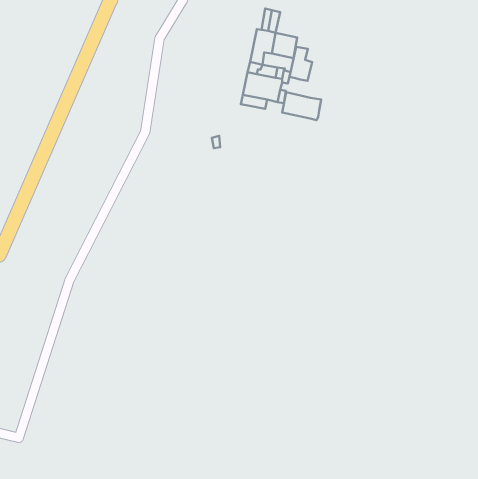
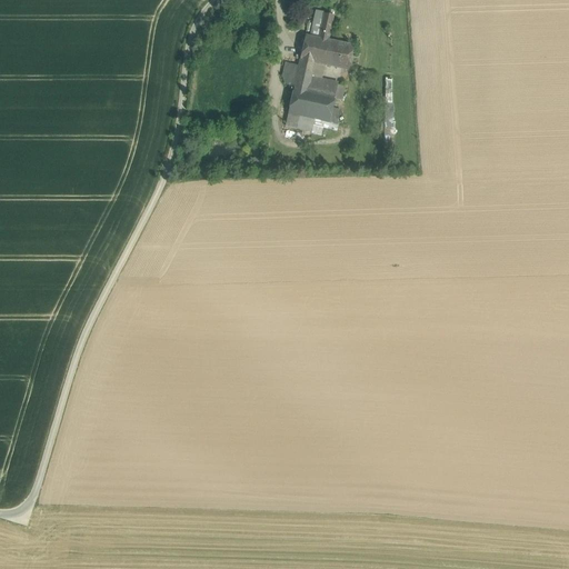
building: [290,47,312,81] -> none
building: [282,92,321,120] -> none

